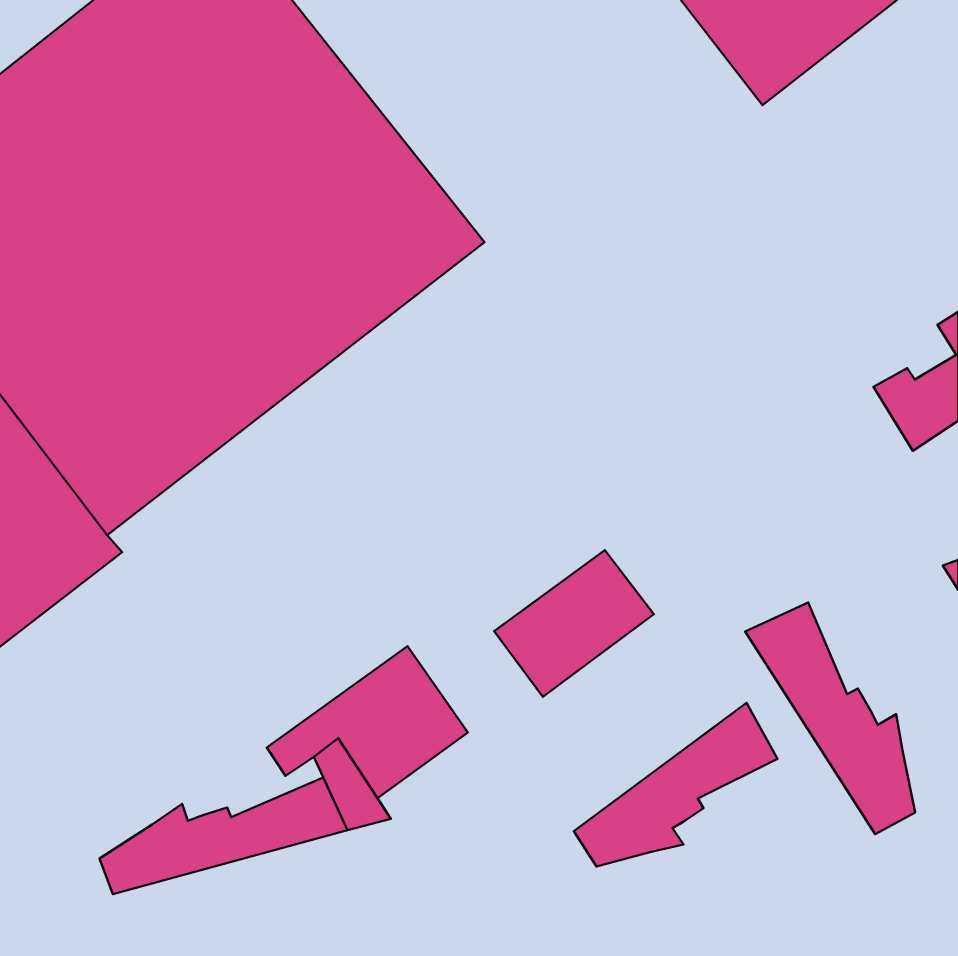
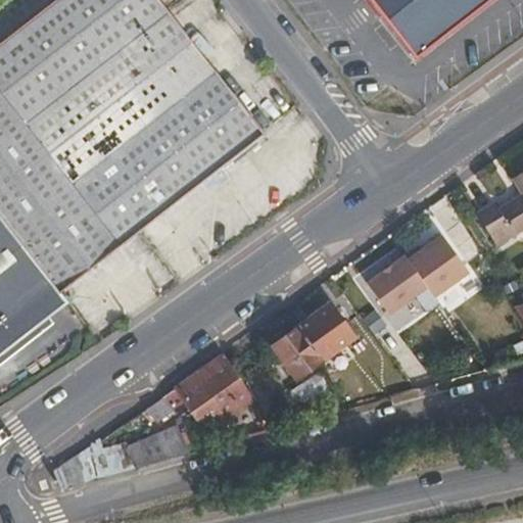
building: none -> [365,227,469,317]
building: [745,603,915,834] -> none
building: [574,703,777,866] -> none

